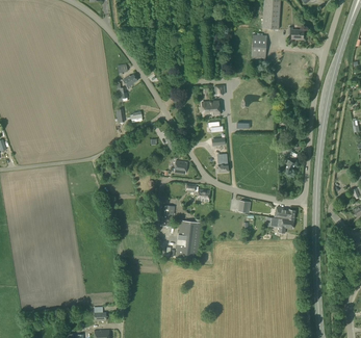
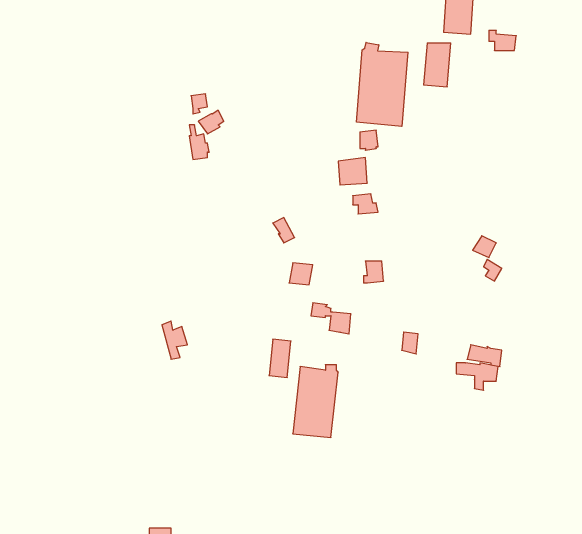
building: none -> [357,42,408,126]

